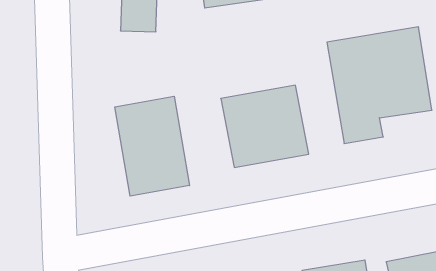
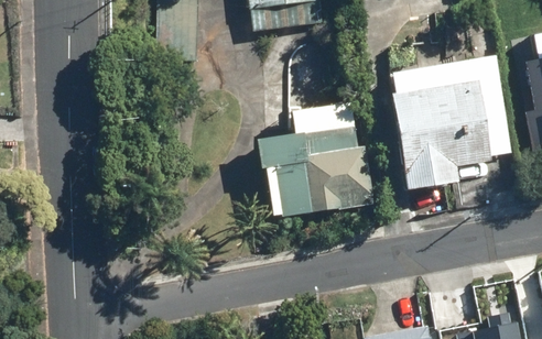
building: [115,96,189,196] -> none

